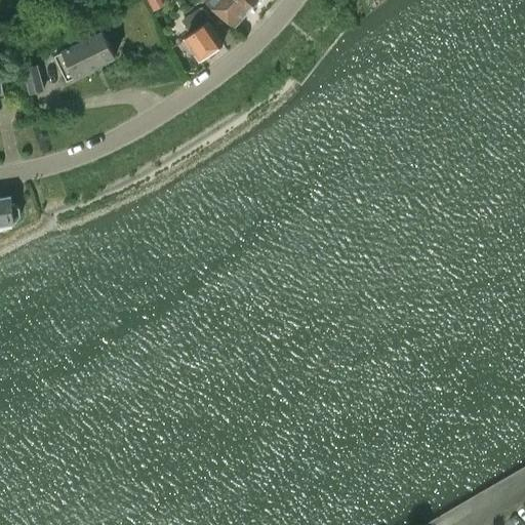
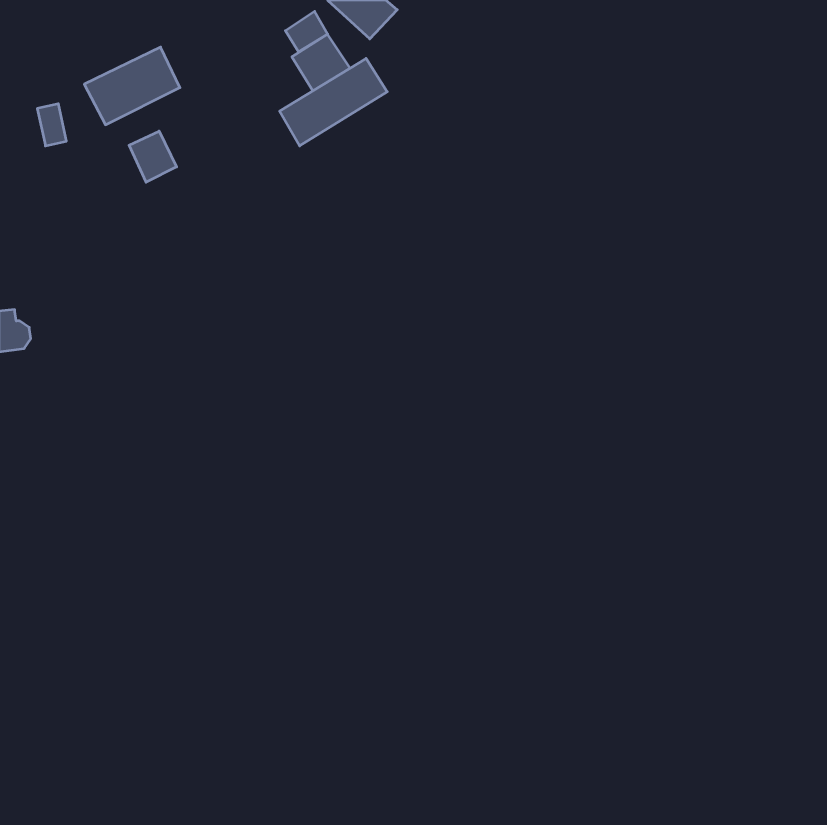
building: none -> [280,58,387,146]
building: none -> [129,131,177,182]

